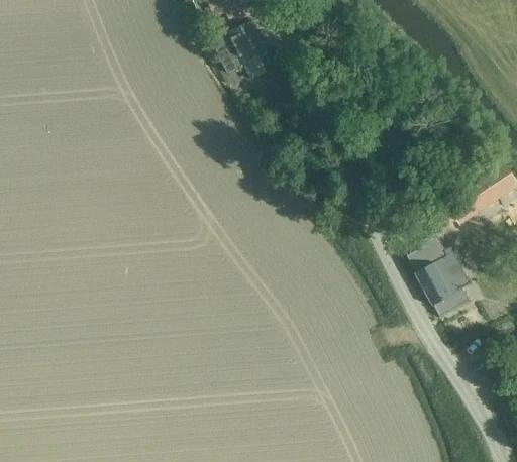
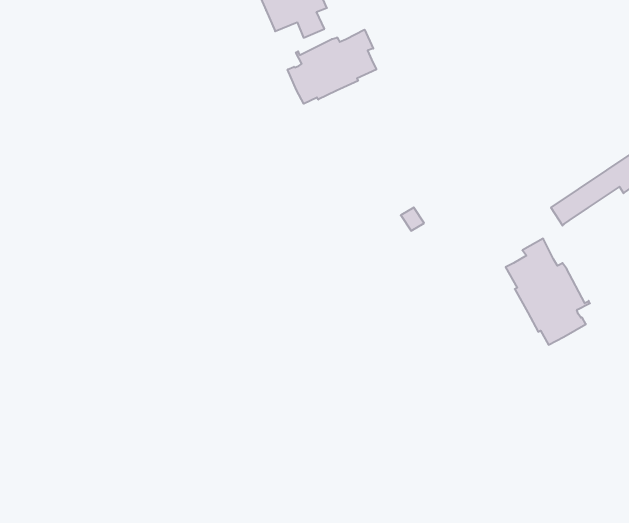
building: none -> [288,30,376,104]

